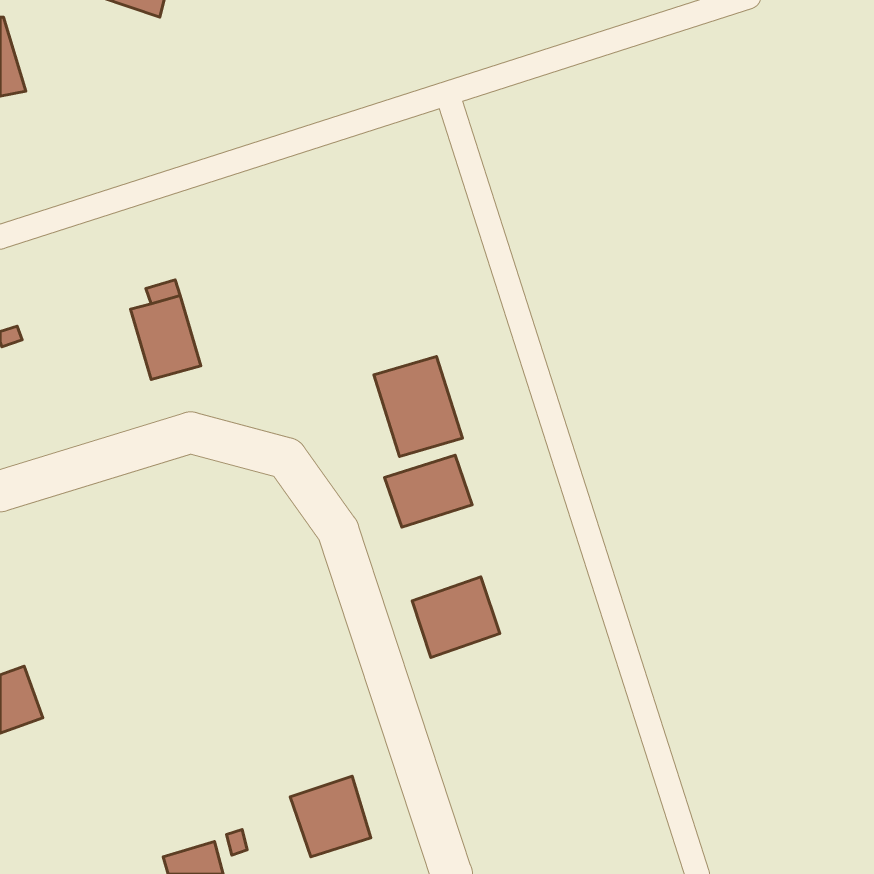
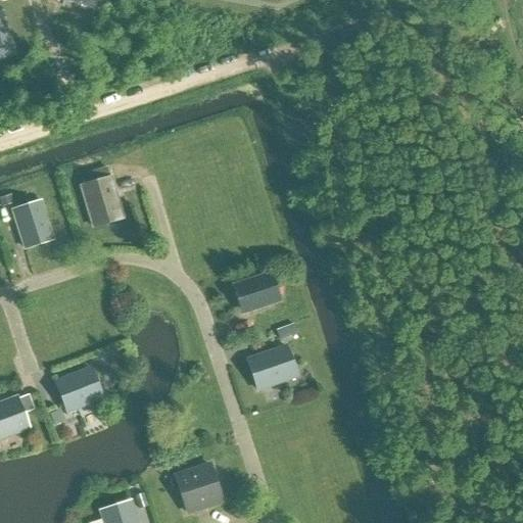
building: none -> [11,200,51,248]
building: [374,356,463,457] -> none
building: none -> [54,365,106,414]

